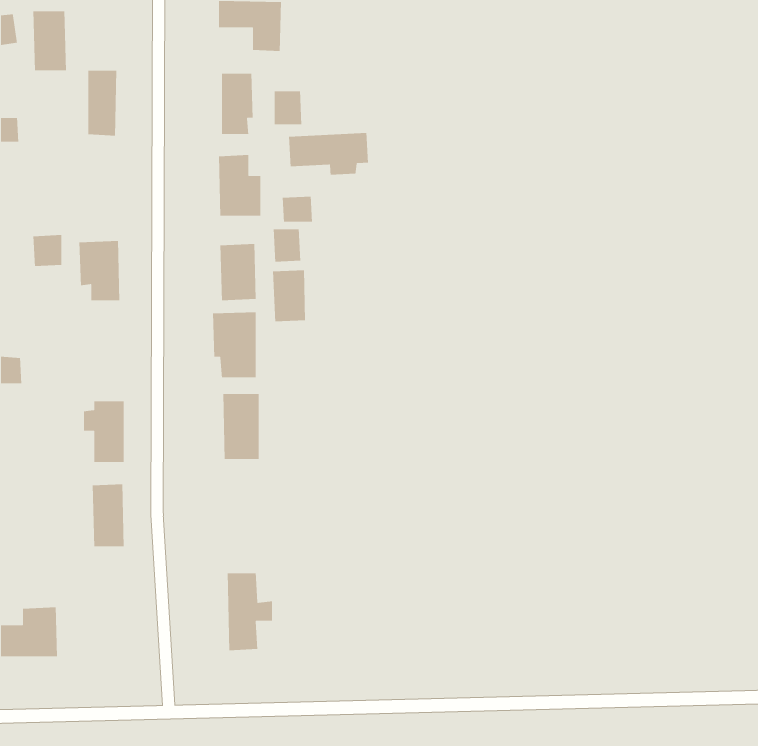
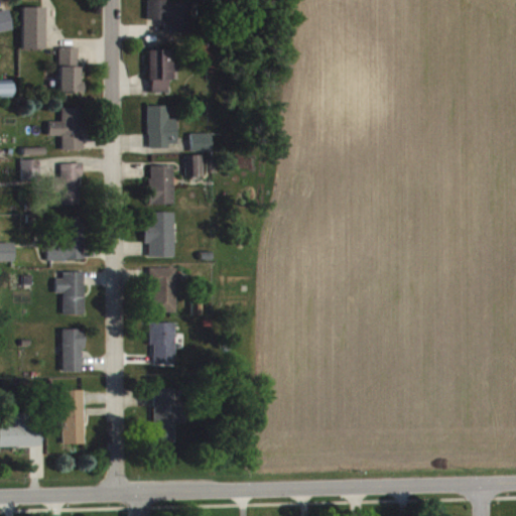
building: [274,90,302,125] -> none
building: [288,132,369,176] -> none
building: none -> [49,108,84,150]
building: [272,269,306,322] -> none
building: none -> [48,217,85,260]
building: none -> [149,322,175,366]
building: none -> [62,390,86,444]

